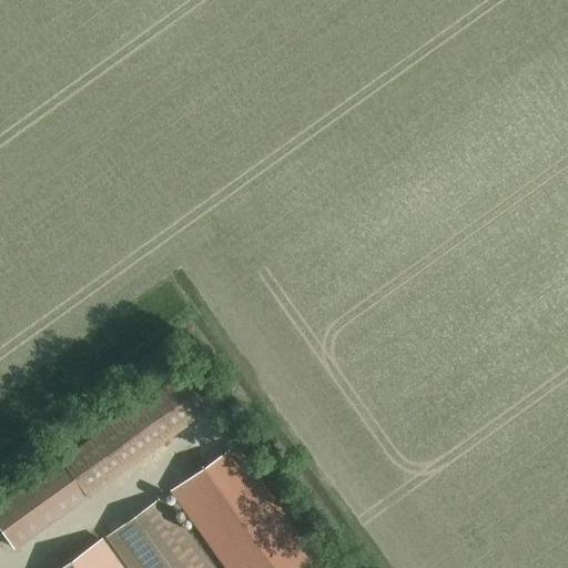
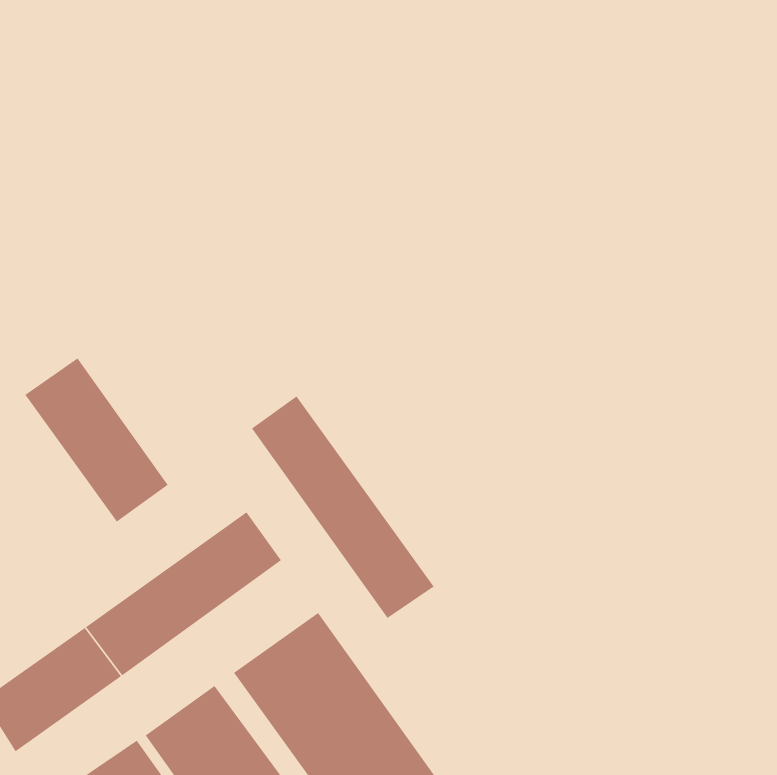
building: none -> [24,358,168,522]
building: none -> [251,395,435,619]

